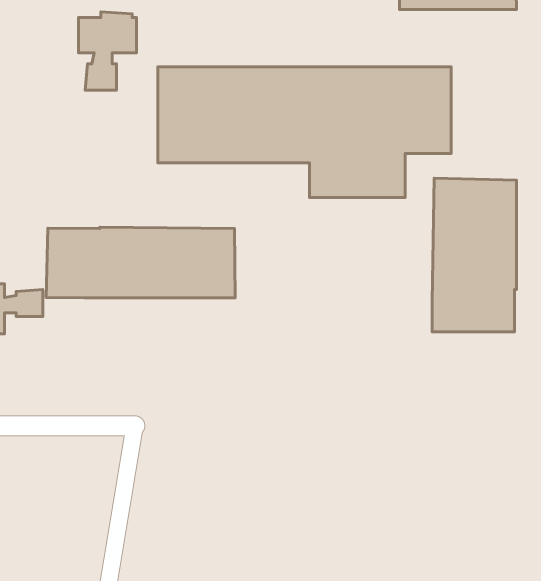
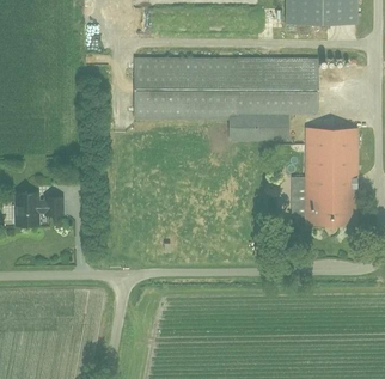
building: [79,12,137,90] -> none
building: [46,227,235,298] -> none

